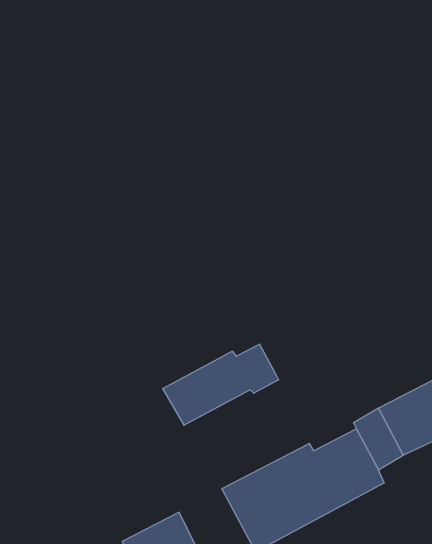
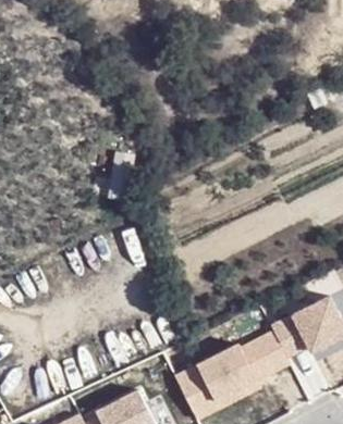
building: [163,344,279,425] -> none

